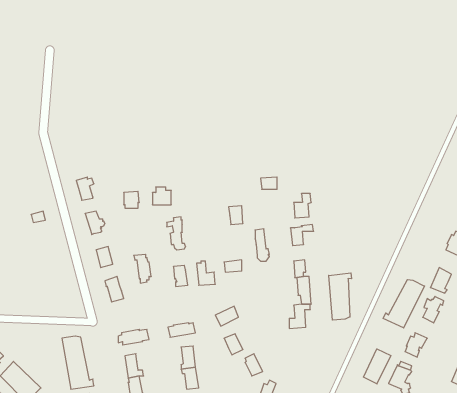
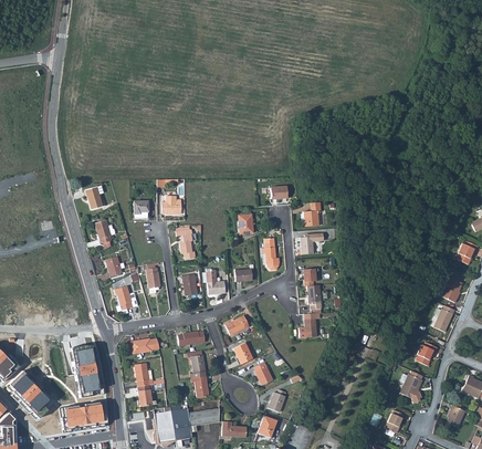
building: [329,273,351,320] -> none
building: [383,280,425,328] -> none
building: [364,349,391,384] -> none

